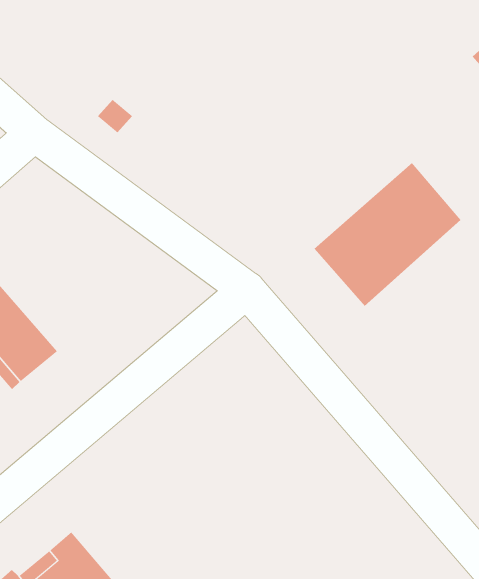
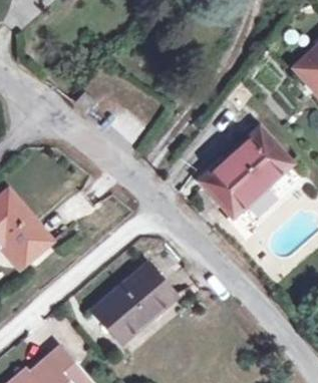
building: none -> [94,265,175,342]

